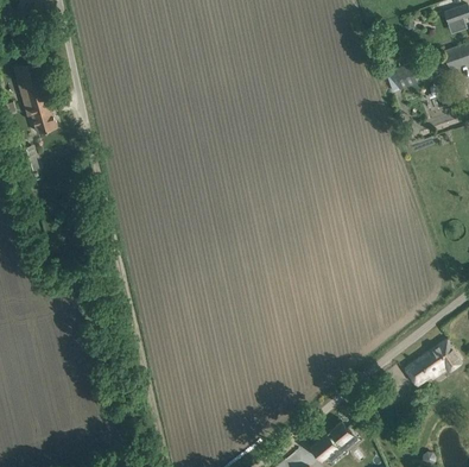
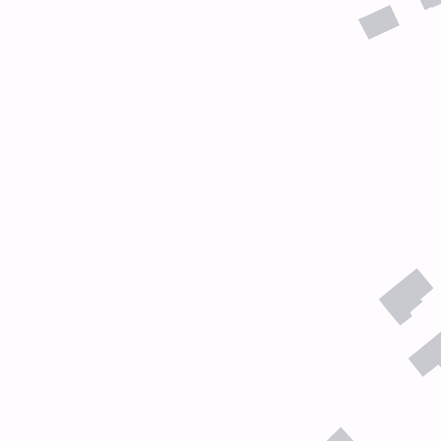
building: none -> [378,267,434,326]

